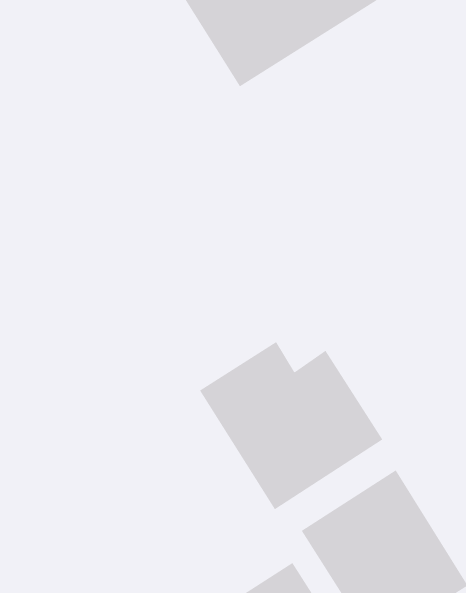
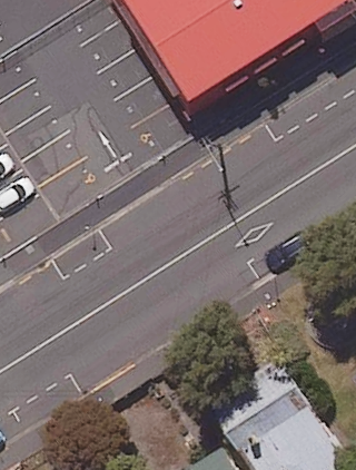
building: [199,341,383,510] -> none

